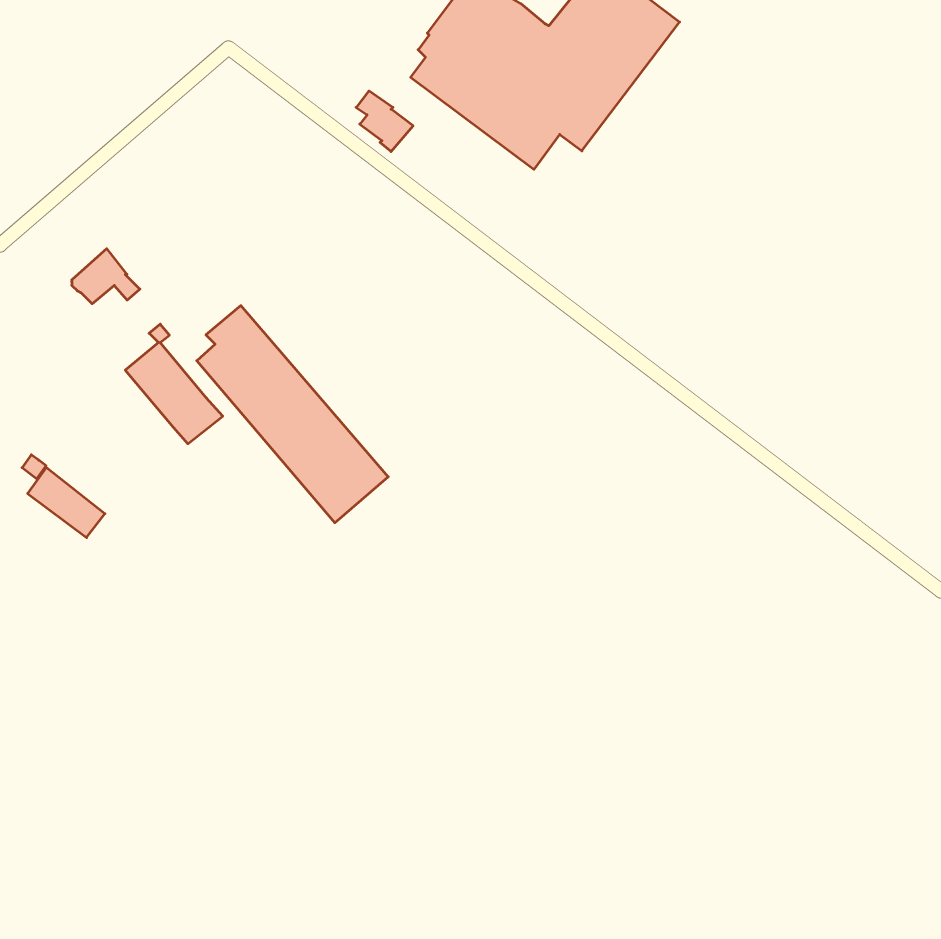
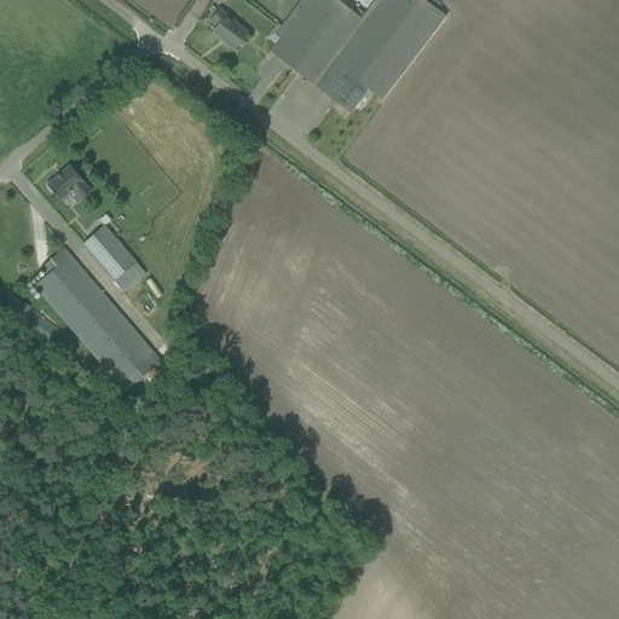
building: [356,91,413,152] -> [210,8,248,48]
building: [197,306,388,523] -> [35,248,161,391]

